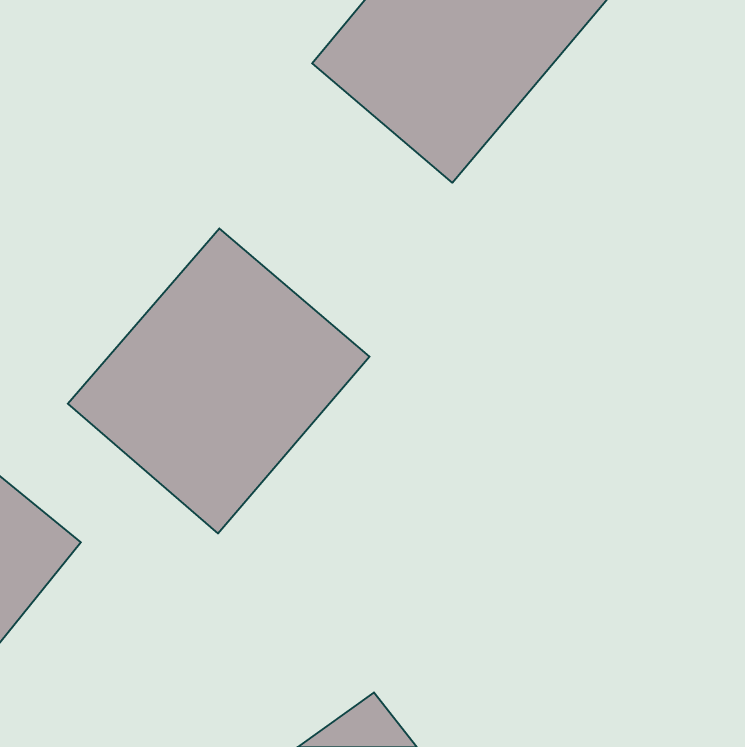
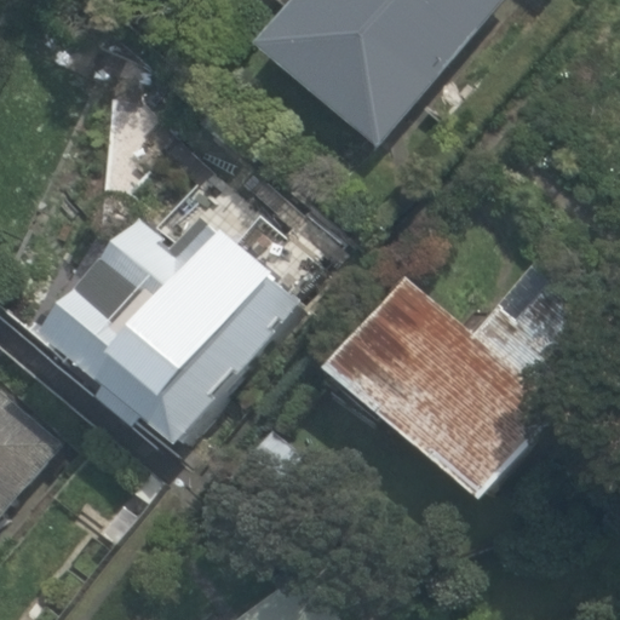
building: none -> [321,283,550,499]

